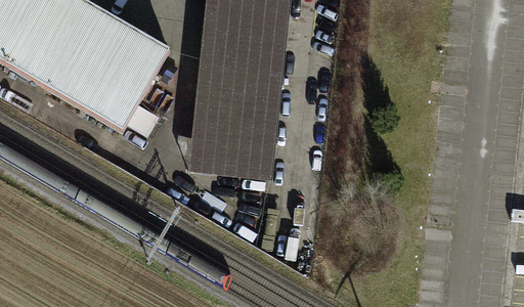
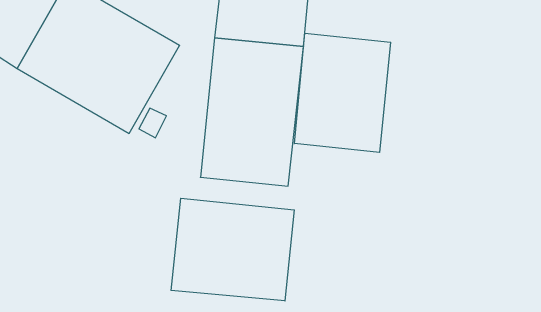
building: none -> [295,33,391,152]
building: none -> [171,198,294,301]

